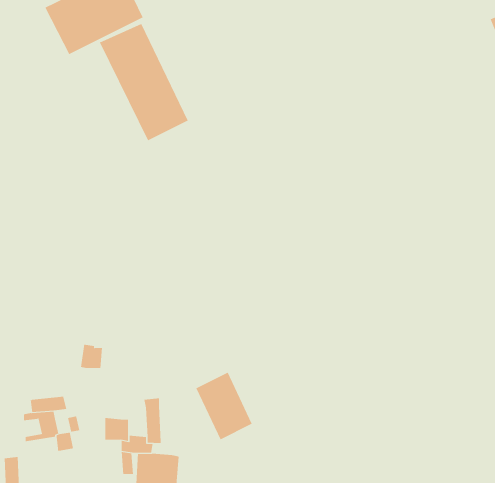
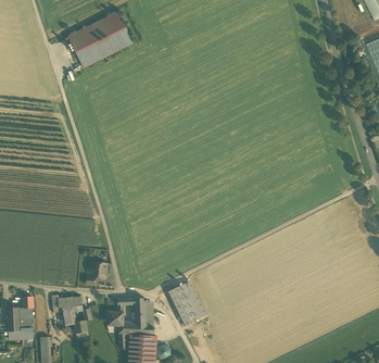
building: [99,23,189,141] -> none

